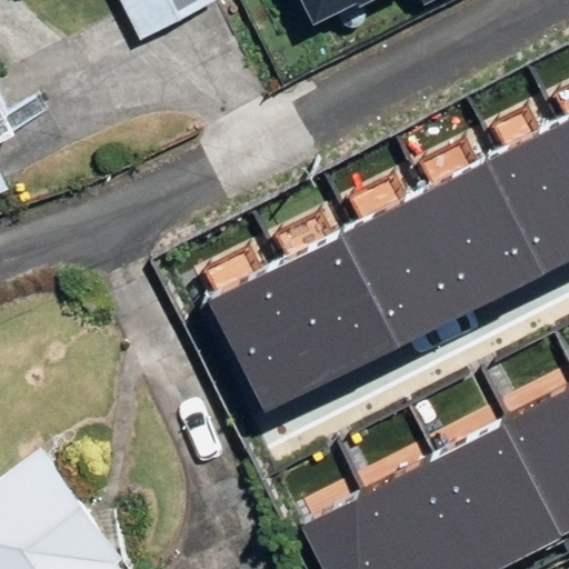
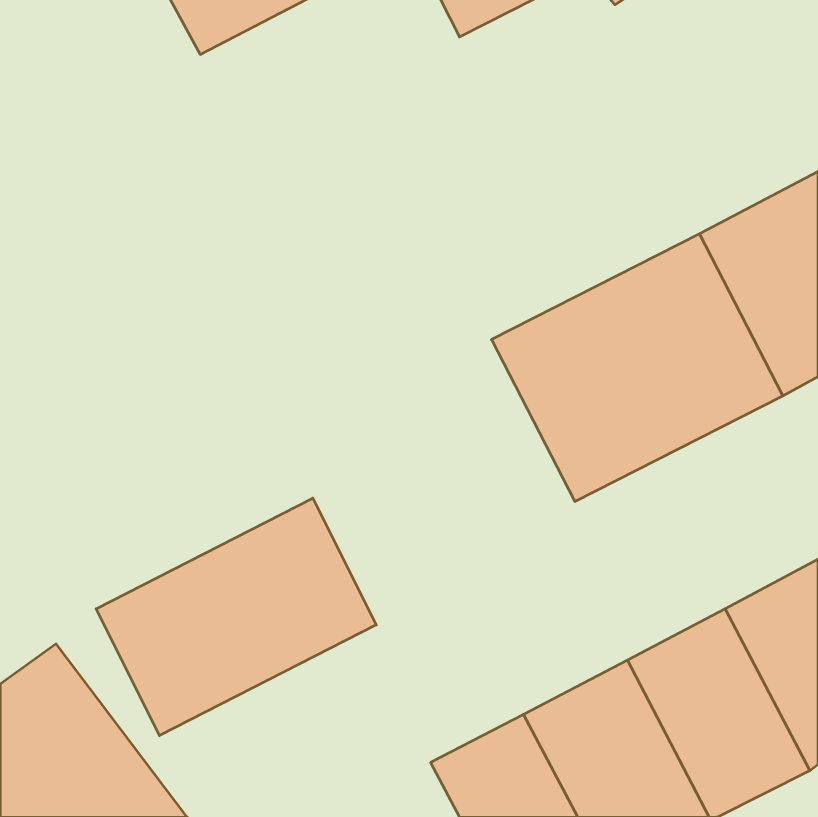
building: [214,236,399,413] -> none
building: none -> [96,498,376,736]

